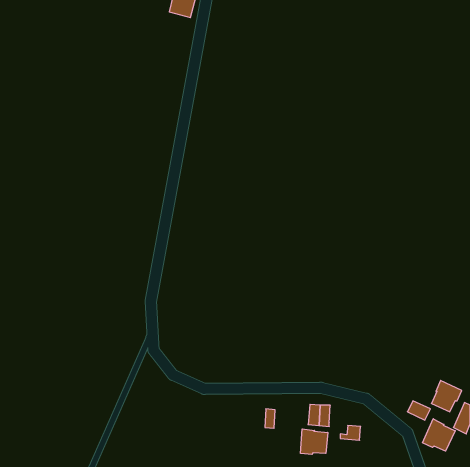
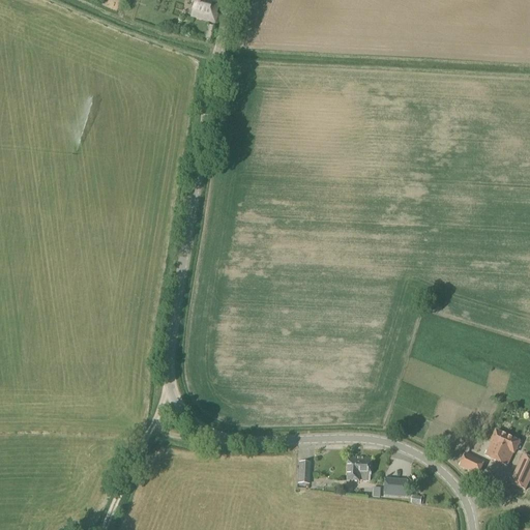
building: [422,419,455,451] -> none
building: [301,429,328,454] -> none

